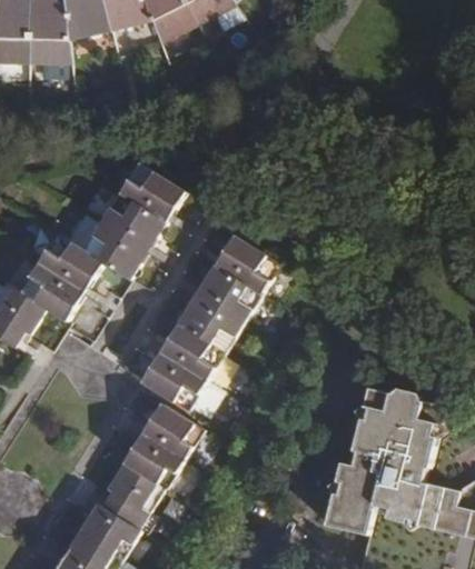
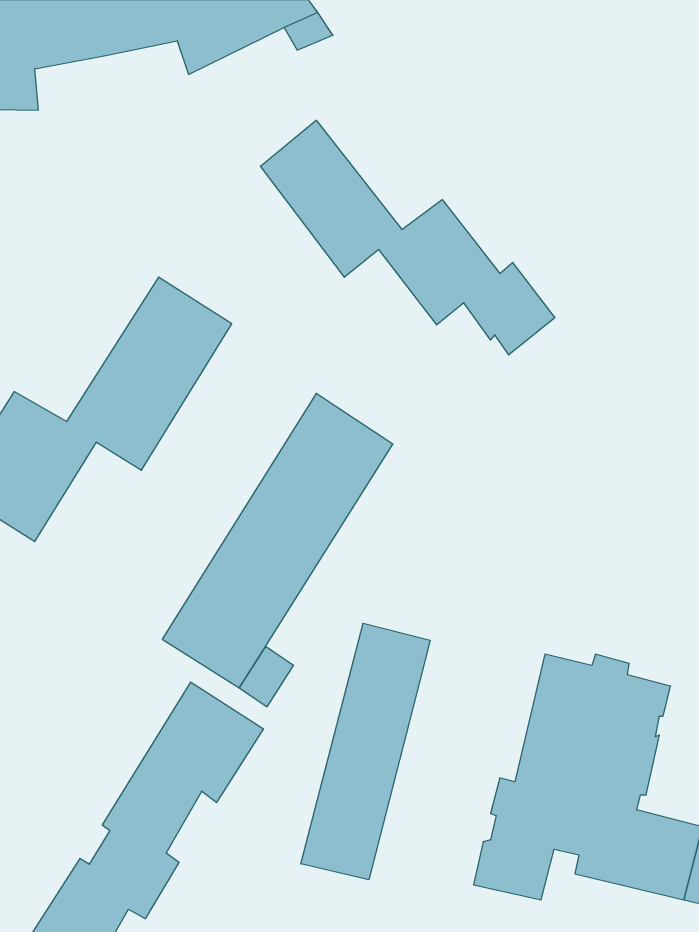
building: none -> [260,120,555,355]
building: none -> [301,623,430,880]

